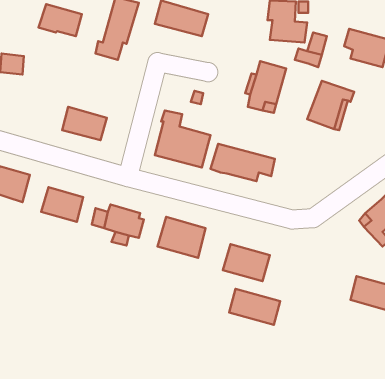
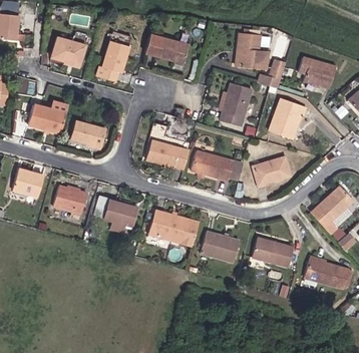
building: none -> [28,102,68,134]
building: none -> [253,157,290,185]
building: [229,289,280,325] -> [252,238,293,267]

